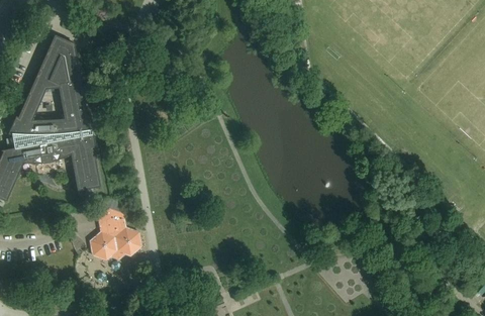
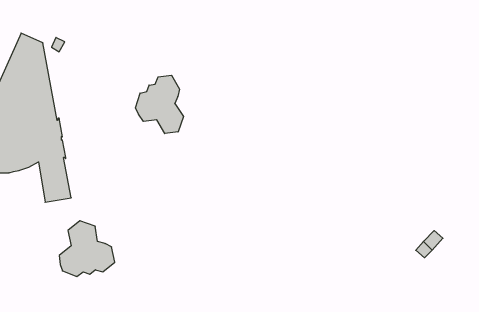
building: none -> [135,75,183,134]

